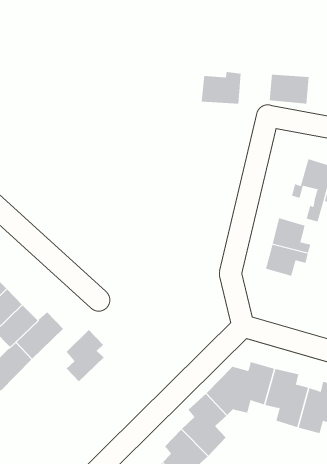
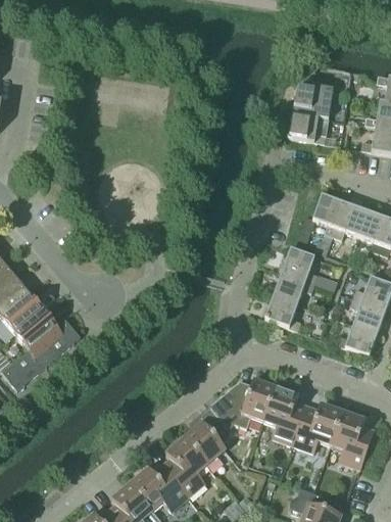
building: [201,72,241,104] -> [293,85,333,116]
building: none -> [265,293,301,329]
building: [66,329,104,382] -> none

